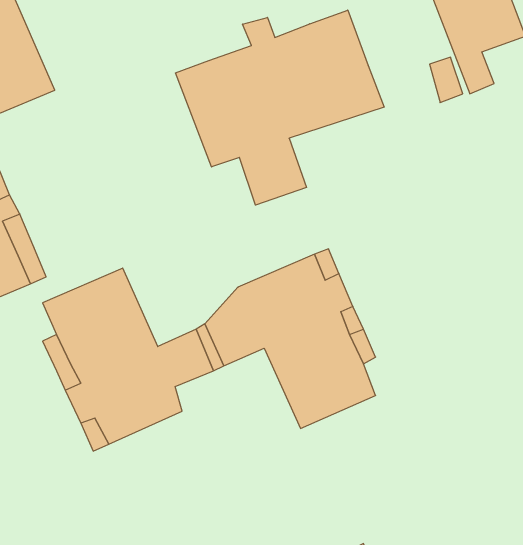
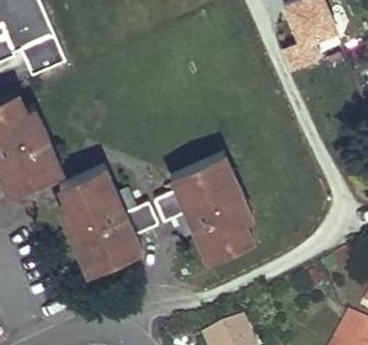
building: [175,10,384,205] -> none

